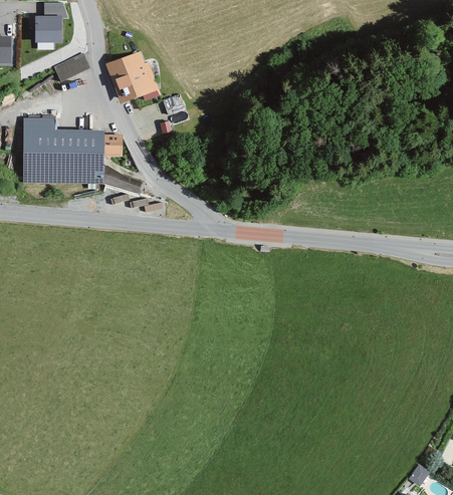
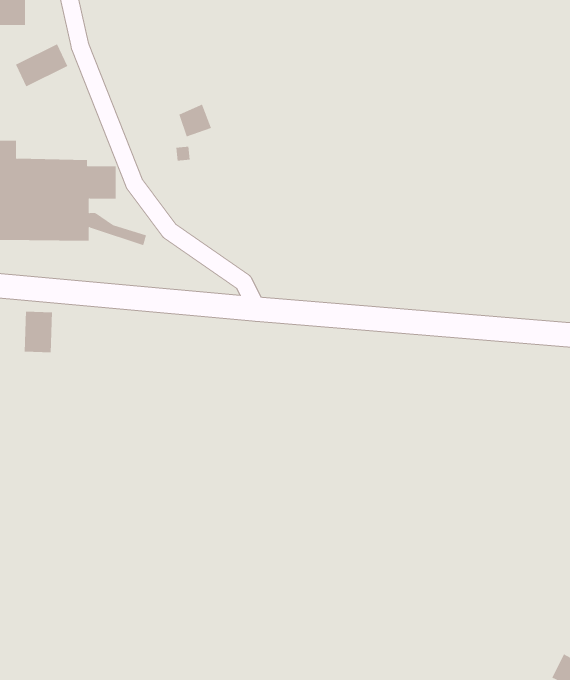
building: [105,51,159,103] -> none
building: none -> [24,311,53,353]

